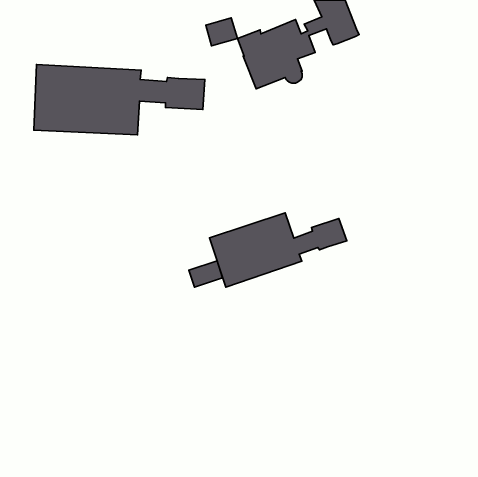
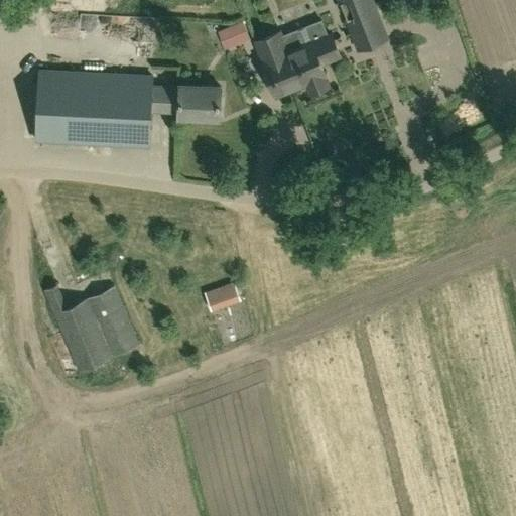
building: [209,213,347,287] -> none
building: none -> [43,283,139,372]

